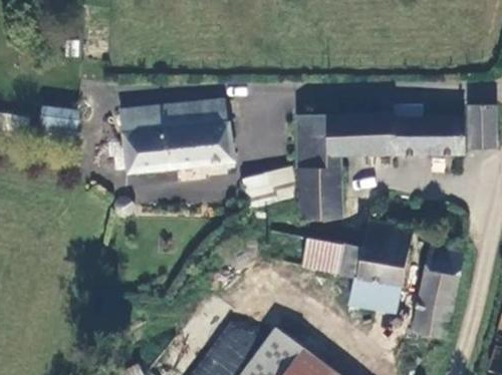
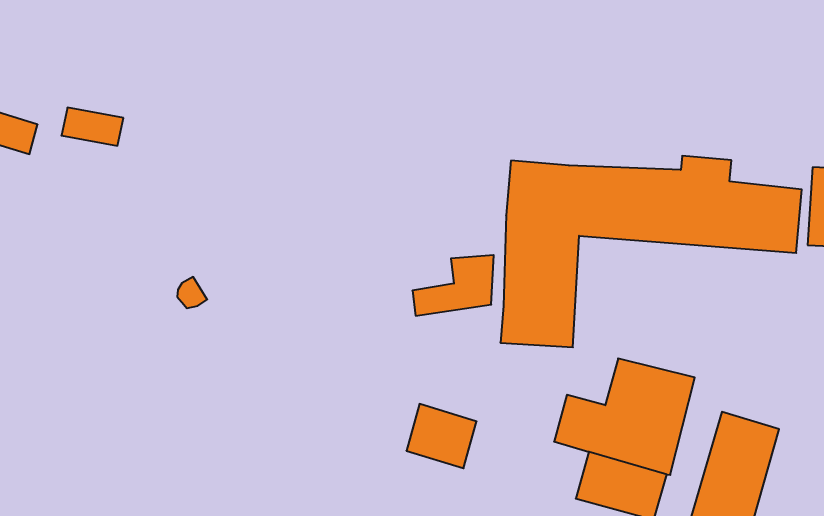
building: [119,100,233,174] -> none
building: [302,239,340,273] -> [406,404,477,468]

